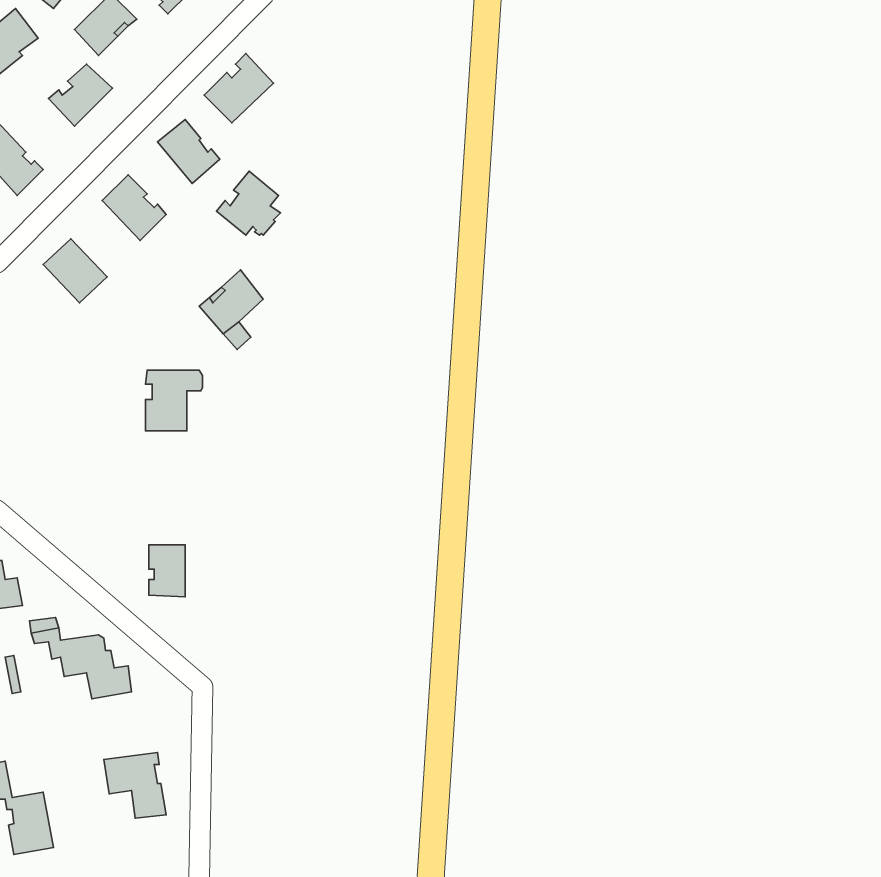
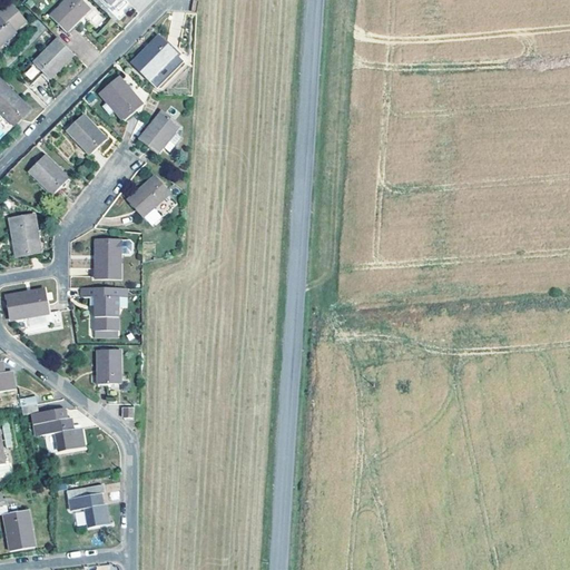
building: none -> [9,214,40,254]
building: none -> [6,287,47,318]
building: none -> [81,287,118,331]

